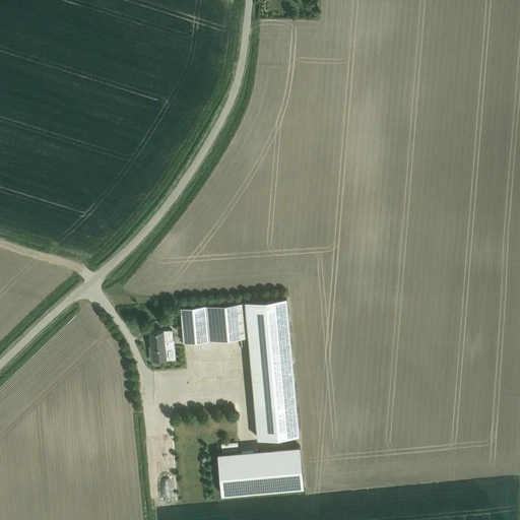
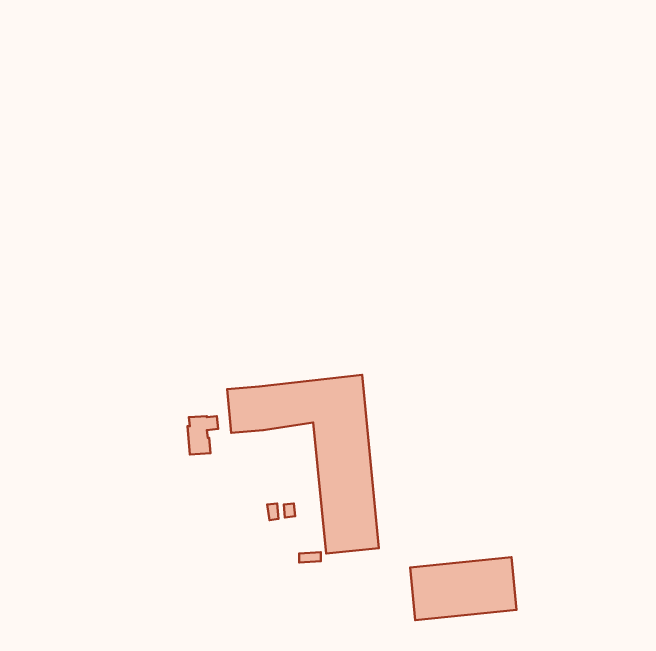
building: [218,448,303,498] -> [410,557,517,620]

